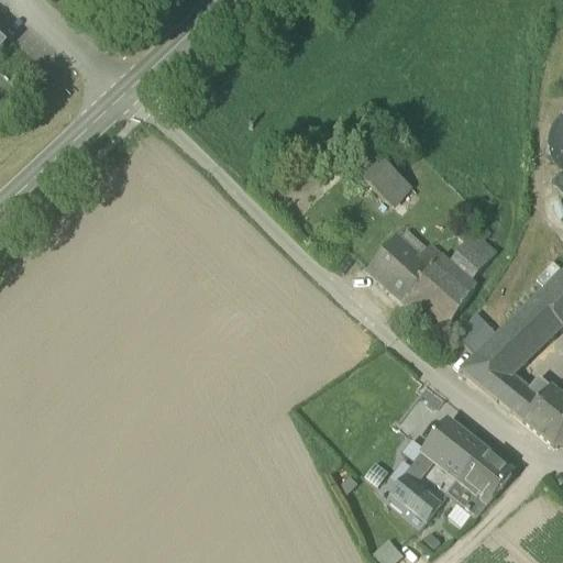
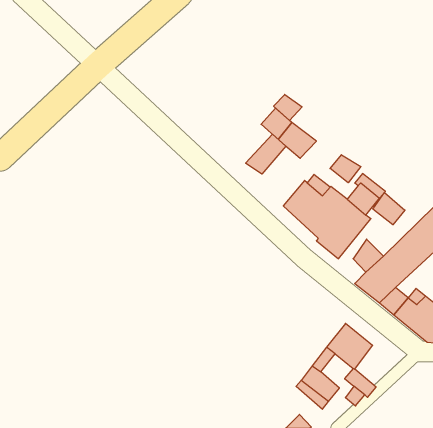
building: none -> [274,94,302,120]
building: none -> [246,134,286,174]
building: none -> [330,155,361,183]
building: none -> [373,193,405,225]
building: [461,446,512,500] -> none

